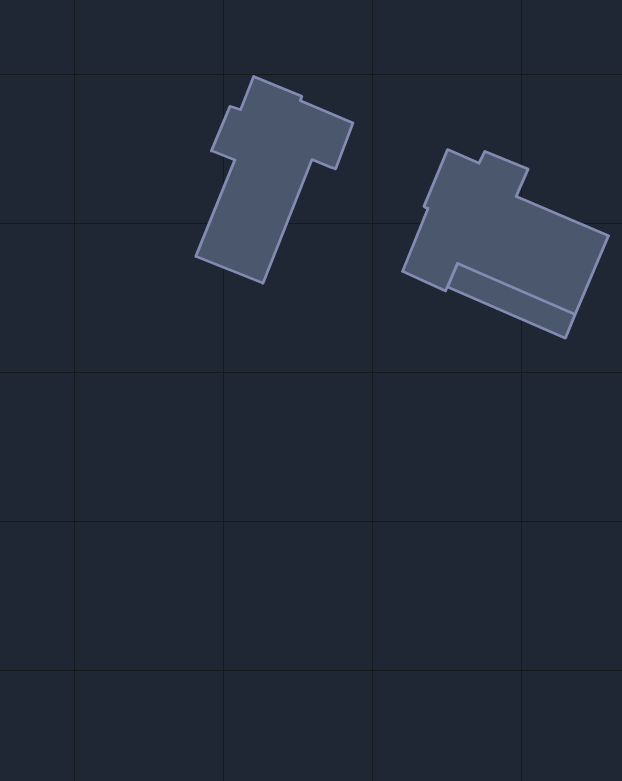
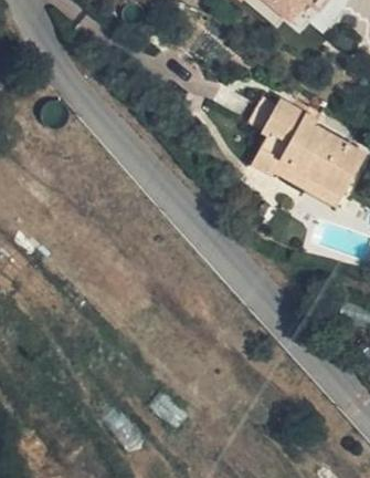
building: [196,76,353,283] -> none

